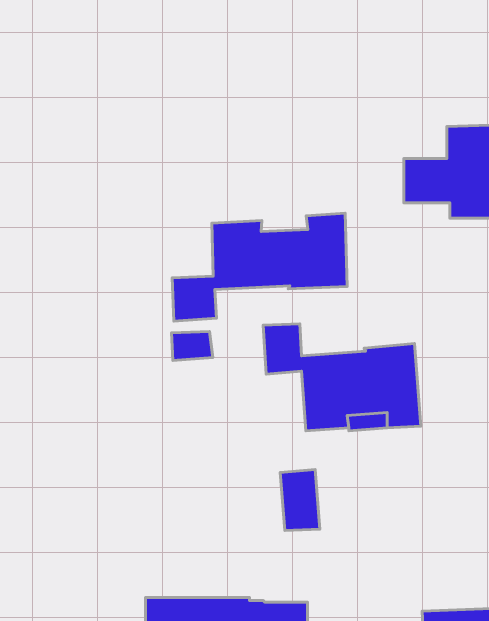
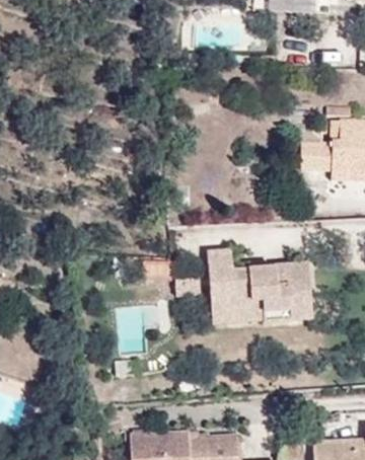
building: [172,213,347,321] -> none
building: [280,469,320,531] -> [210,282,236,322]

